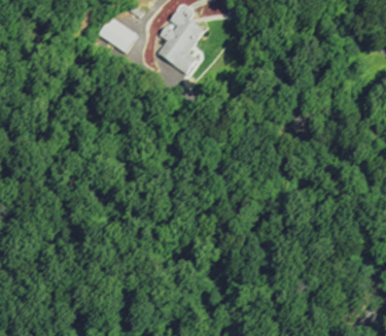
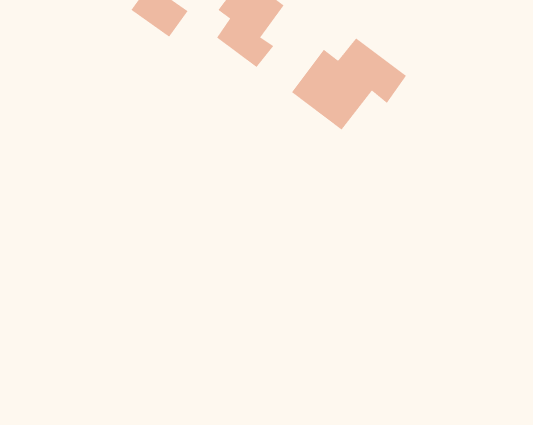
building: none -> [291,37,407,131]

